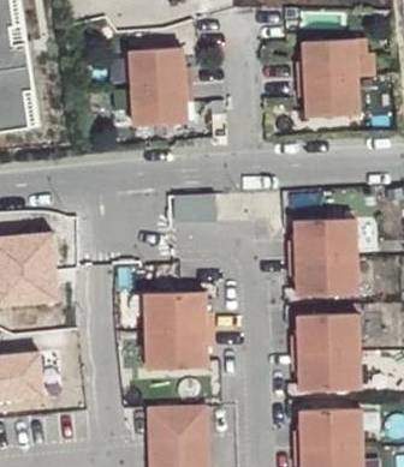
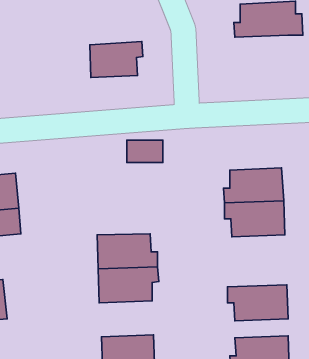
building: [133,44,195,85] -> none
building: [301,74,362,115] -> none
building: [291,319,360,359] -> none

